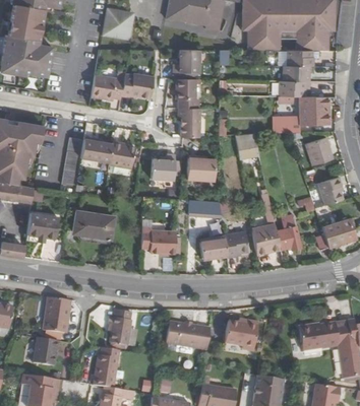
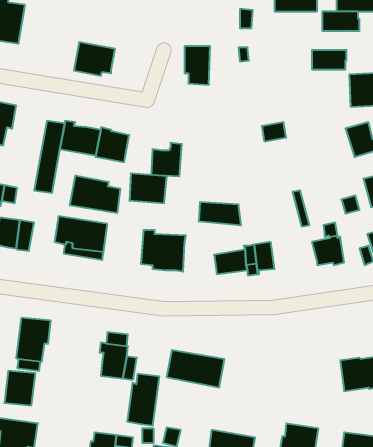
building: [173,50,199,73] -> none
building: [282,66,309,81] -> none
building: [119,74,154,99] -> none
building: [180,108,201,138] -> none
building: [273,117,300,134] -> none
building: [186,158,216,182] -> [129,174,167,203]
building: none -> [70,175,120,213]
building: [253,228,282,254] -> none
building: [223,319,256,350] -> none
building: [95,343,120,384] -> [127,374,159,425]

